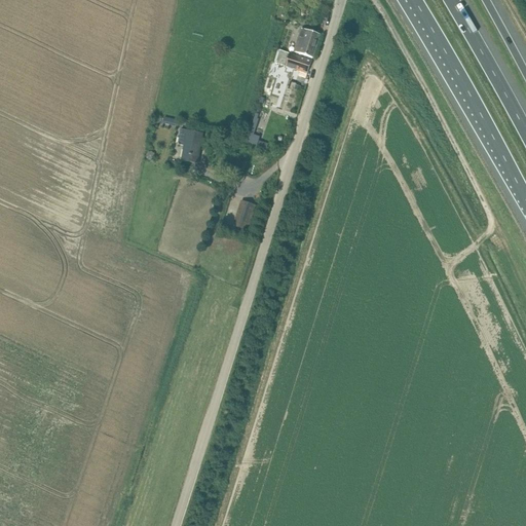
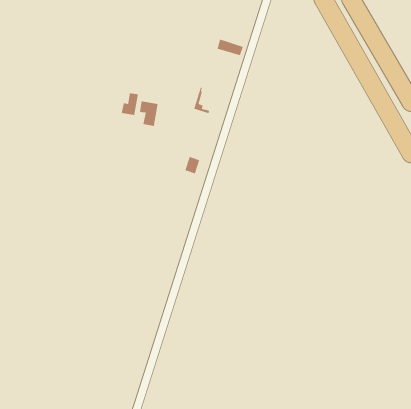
building: [294,28,320,57] -> none
building: none -> [121,93,139,116]

